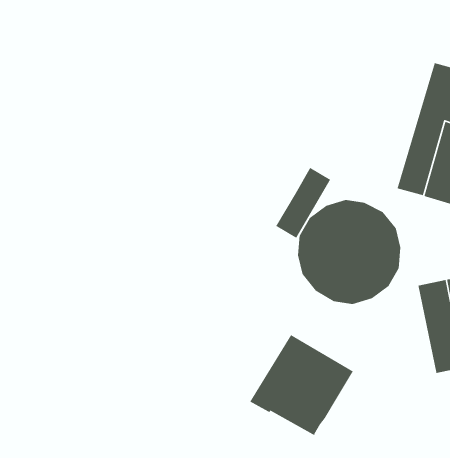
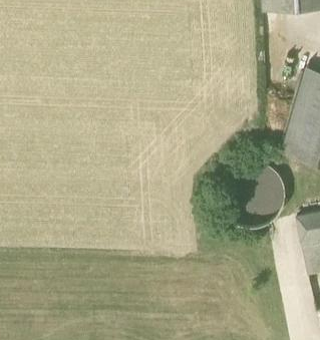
building: [275,167,331,239] -> none
building: [249,333,354,436] -> none

